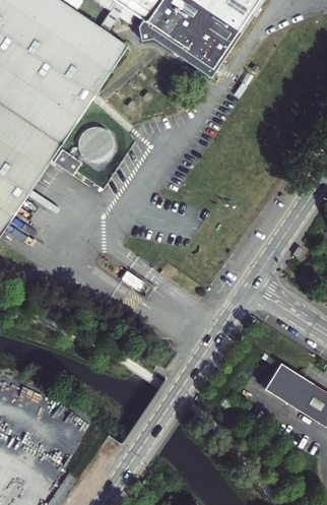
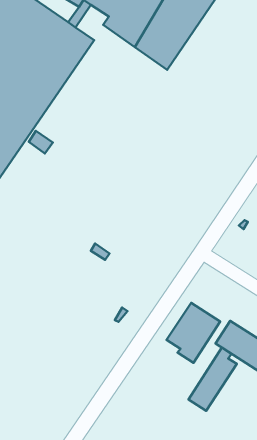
building: none -> [166,303,220,363]
building: none -> [189,347,237,411]

